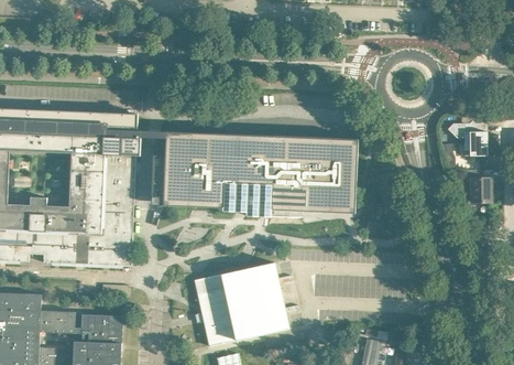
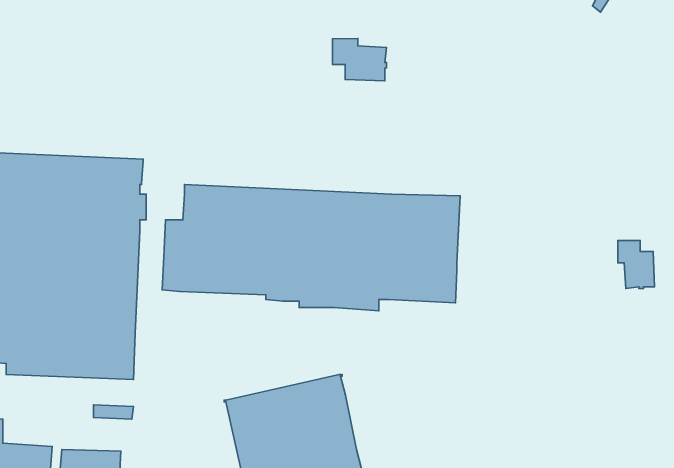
building: none -> [333,39,387,81]
building: [447,120,486,155] -> none

